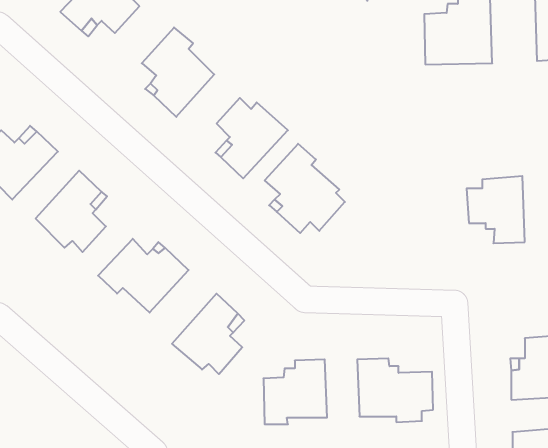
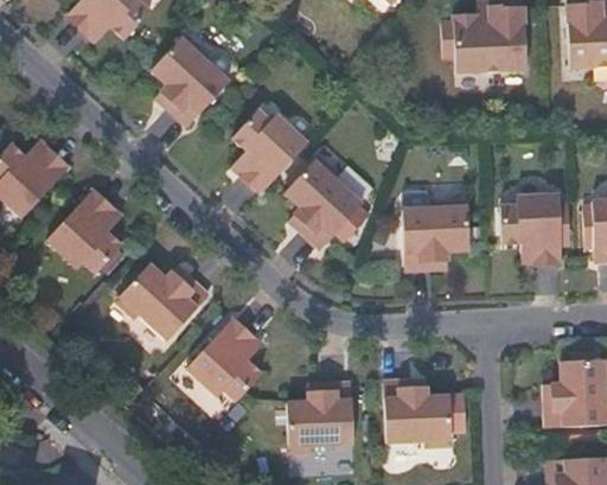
building: none -> [396,199,465,269]

